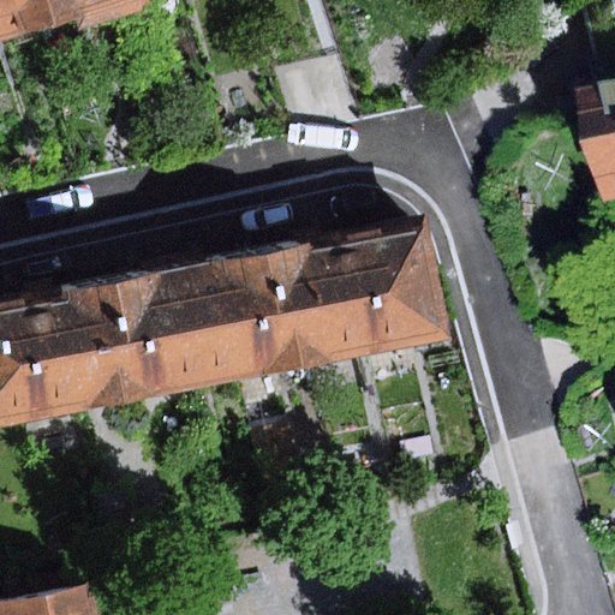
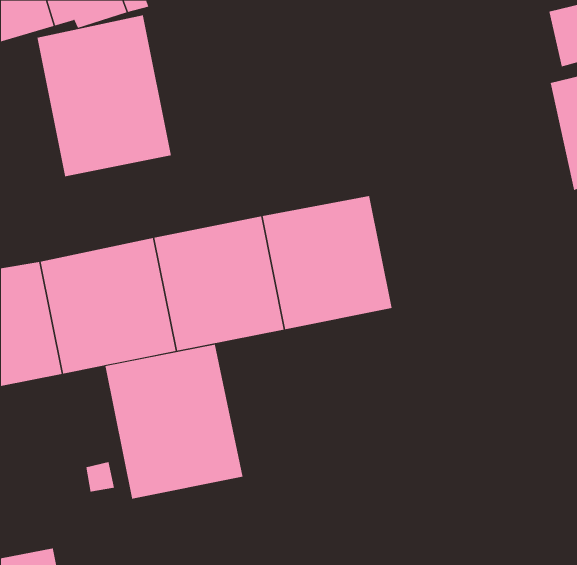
building: none -> [37,14,172,177]
building: none -> [105,344,243,500]

